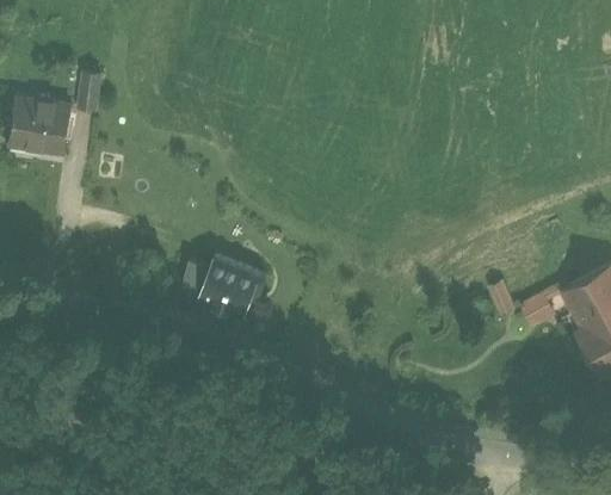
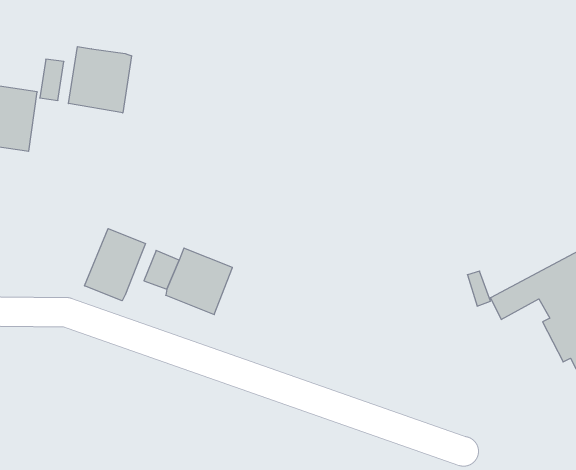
building: none -> [68,47,132,113]
building: none -> [85,229,146,301]

